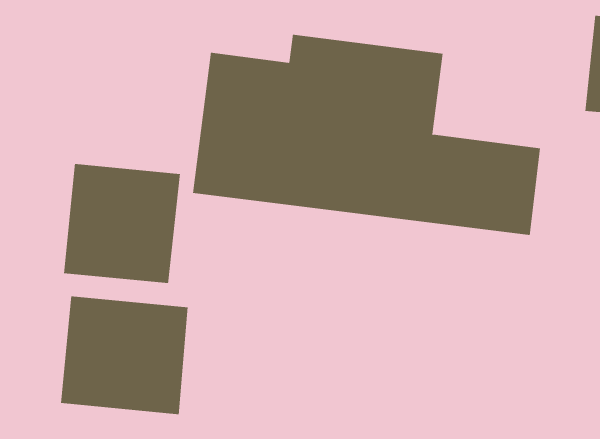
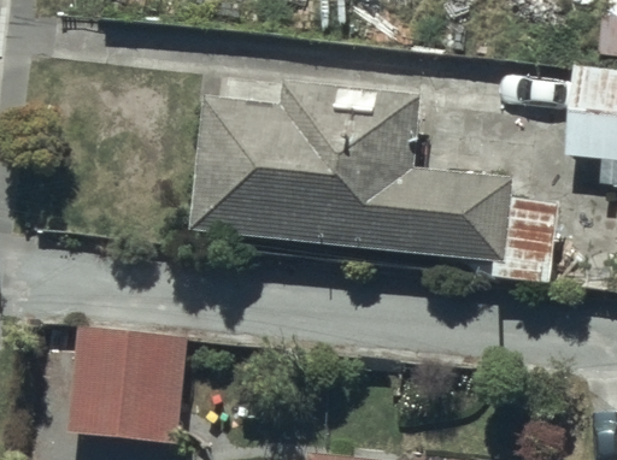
building: [64,163,180,284] -> none

